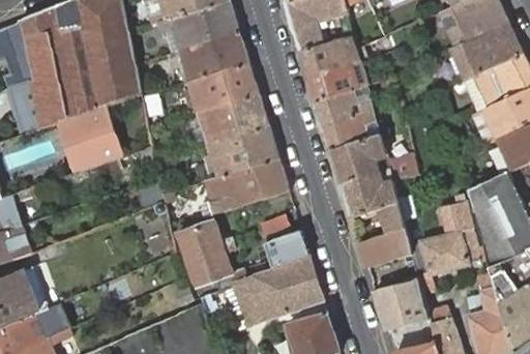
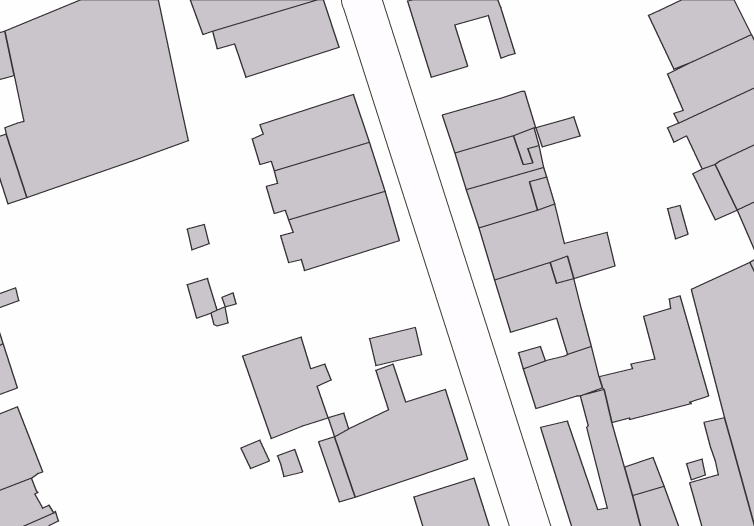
building: [175,31,248,82] -> none
building: [299,36,358,76] -> none
building: [56,106,122,174] -> none
building: [209,157,289,213] -> none

